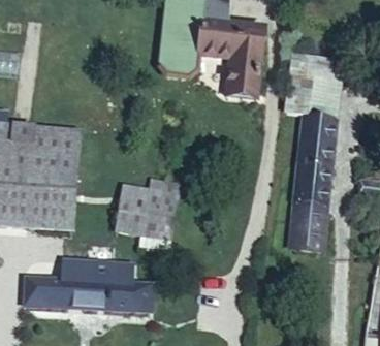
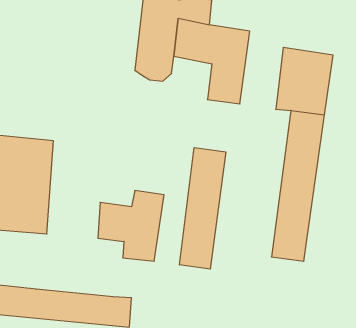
building: none -> [180,148,226,269]
building: [65,258,139,285] -> none

